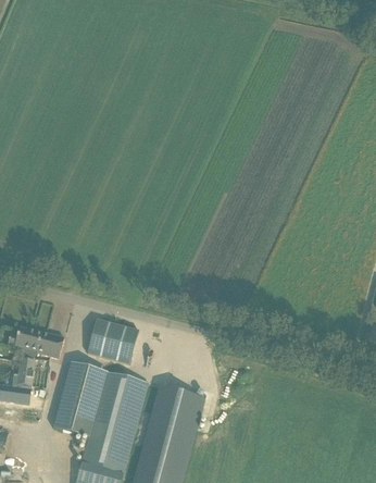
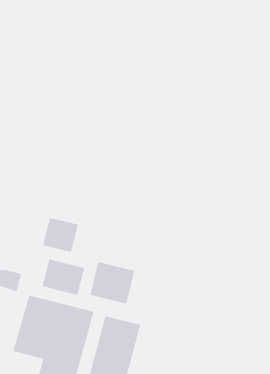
building: none -> [42,217,79,253]
building: none -> [89,261,135,305]

